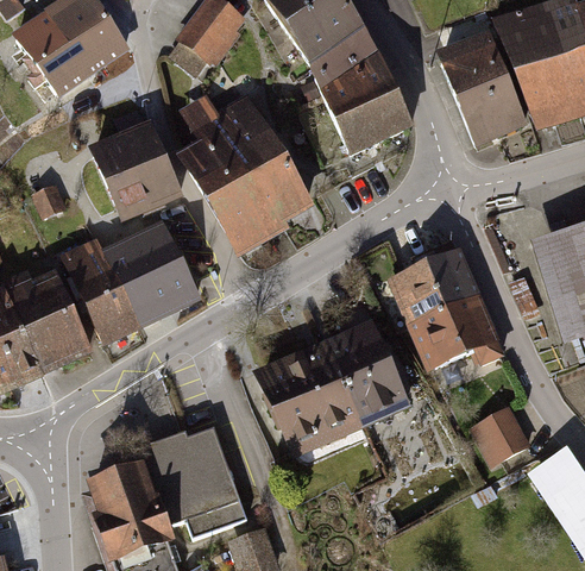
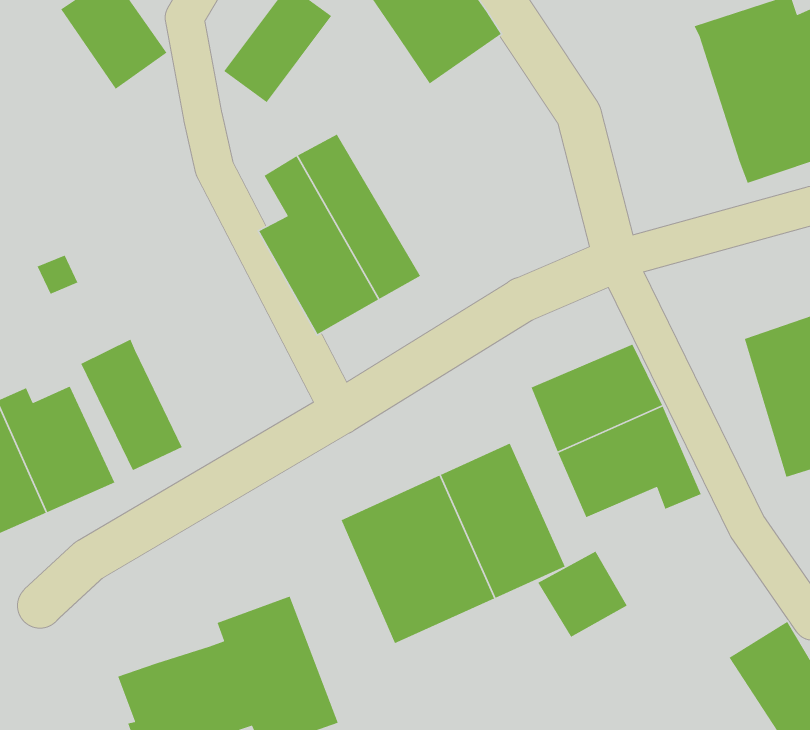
building: [17,11,90,92] -> none
building: [310,29,411,152] -> none
building: [444,30,531,142] -> none
building: [93,125,182,219] -> none
building: [105,224,197,321] -> none
building: [465,403,529,465] -> [537,550,628,638]

